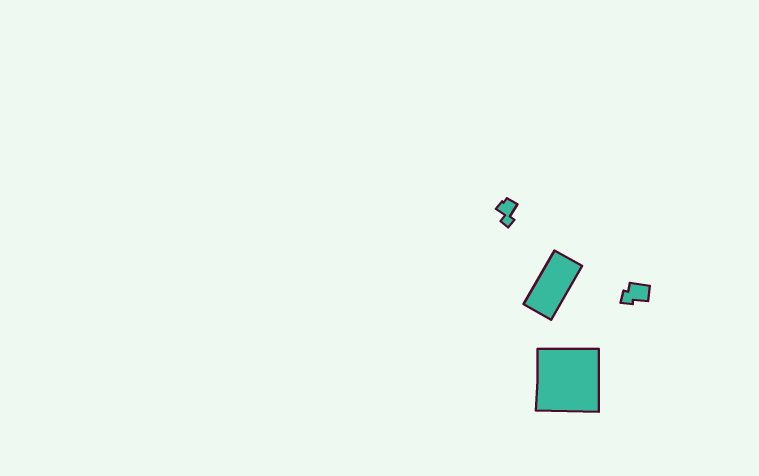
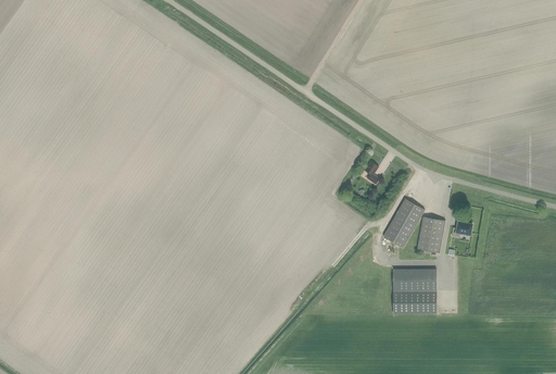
building: none -> [417,216,444,252]

